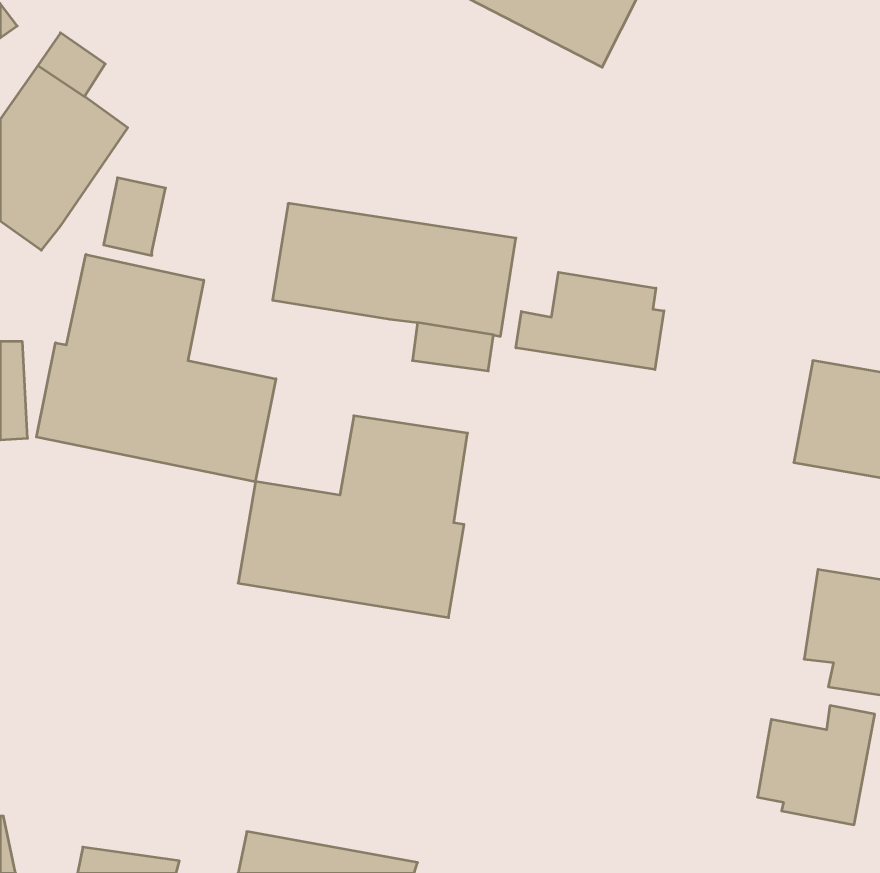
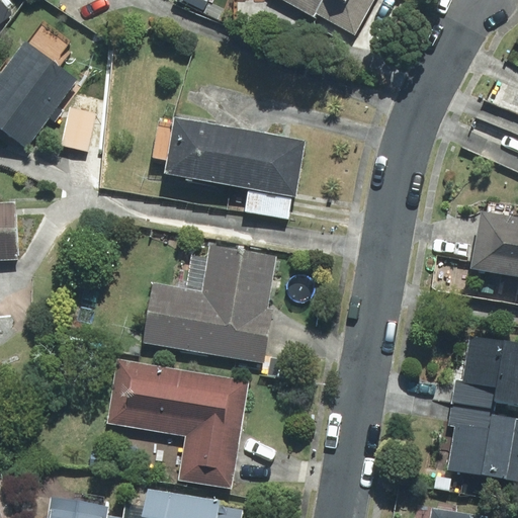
building: [36,254,276,482] -> none
building: [516,272,664,370] -> none
building: none -> [105,357,249,488]

